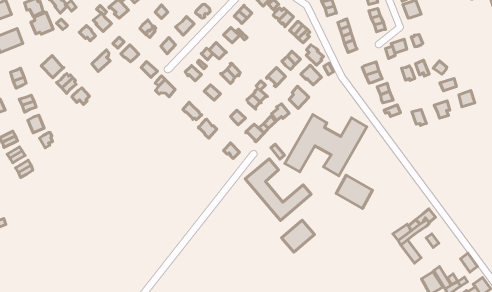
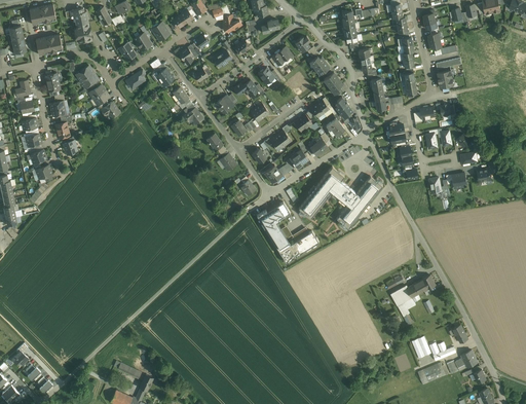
building: [336,175,372,208] -> none
building: [281,220,315,252] -> none

